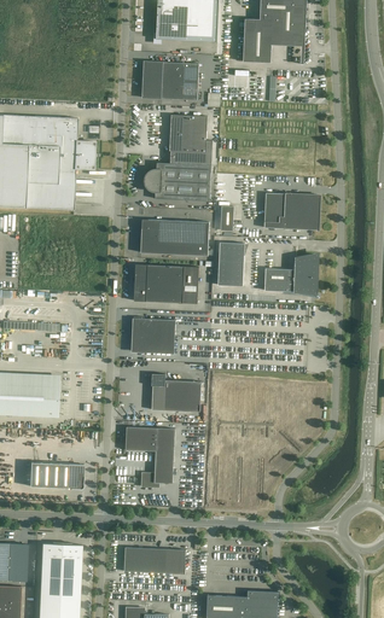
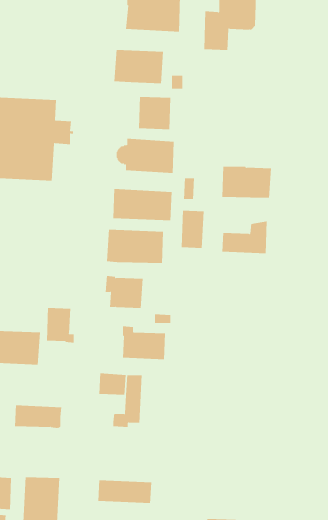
building: none -> [46,307,74,343]

